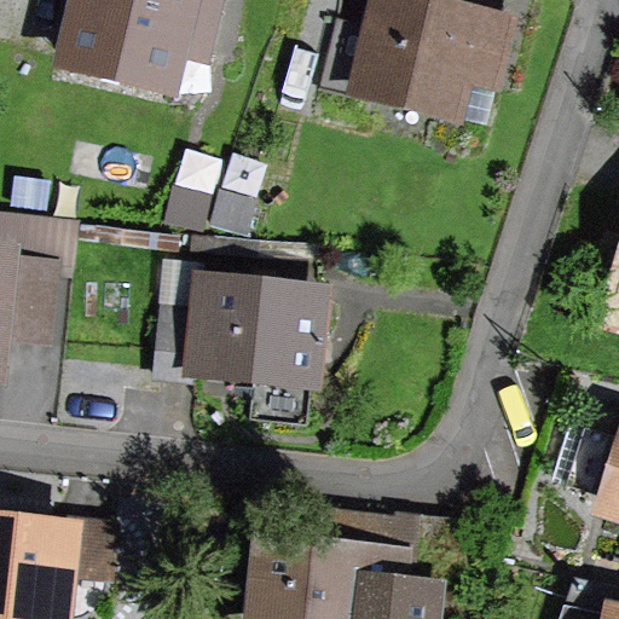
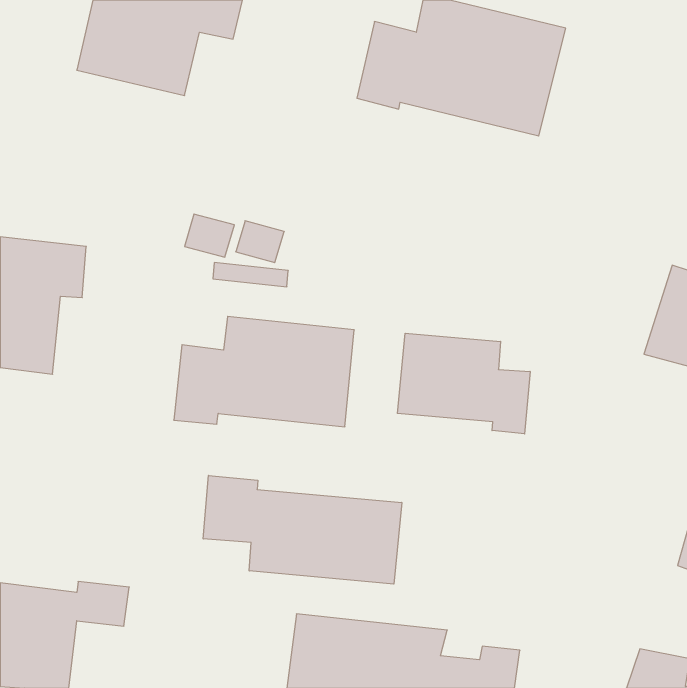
building: none -> [397,333,530,434]
building: none -> [203,475,402,584]

